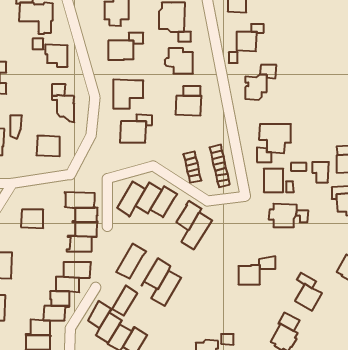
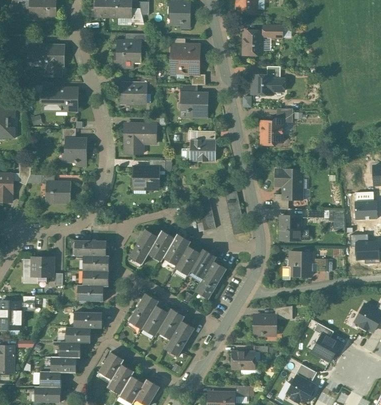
building: none -> [174,246,201,276]
building: [112,285,137,316] -> [142,305,168,336]
building: none -> [231,352,255,369]

